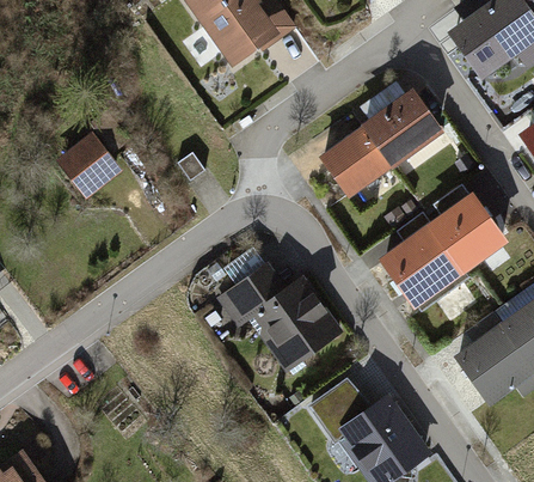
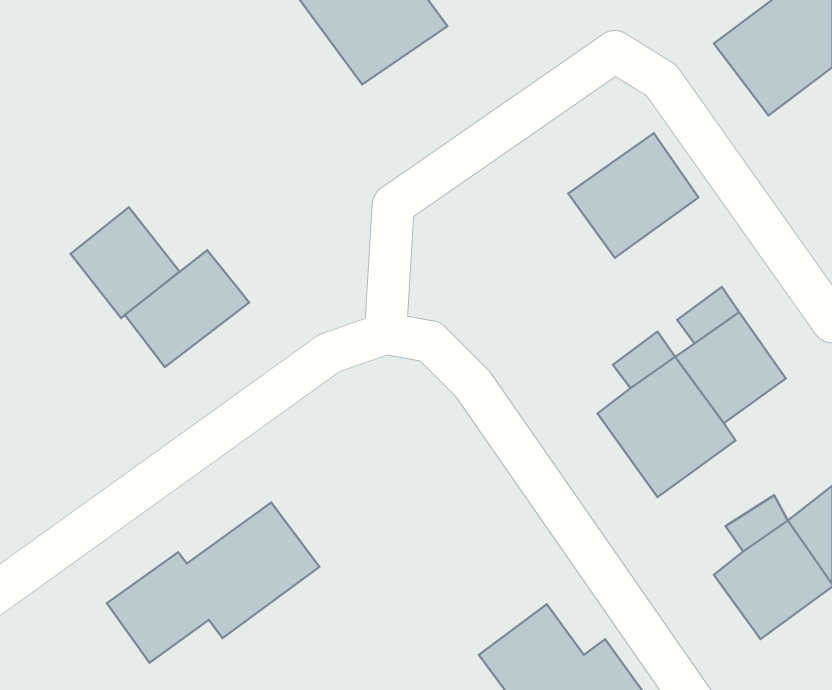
building: [323,127,393,196] -> none
building: none -> [125,250,249,367]
building: [216,263,345,371] -> none
building: none -> [107,502,320,663]

